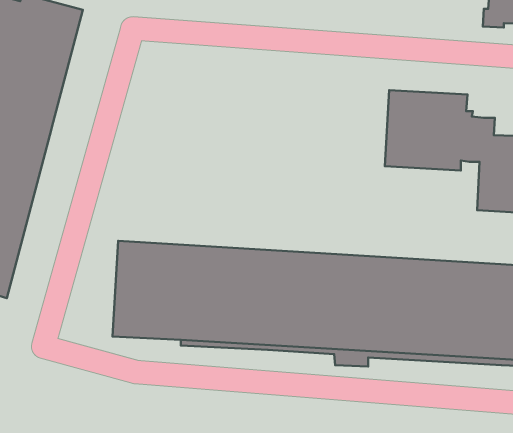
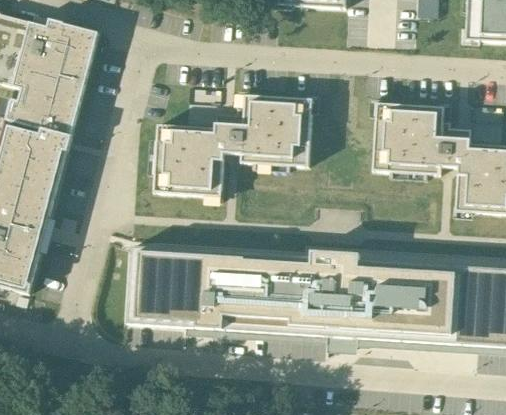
building: none -> [153,95,312,197]

